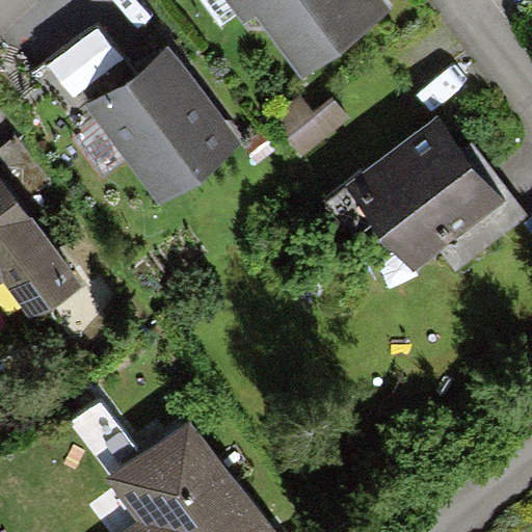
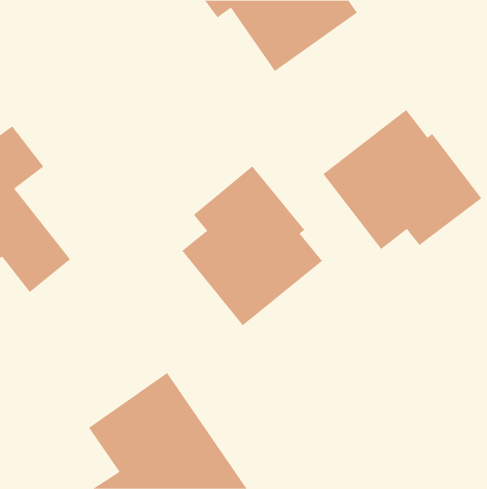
building: [37,29,242,202] -> none
building: none -> [182,166,323,326]

